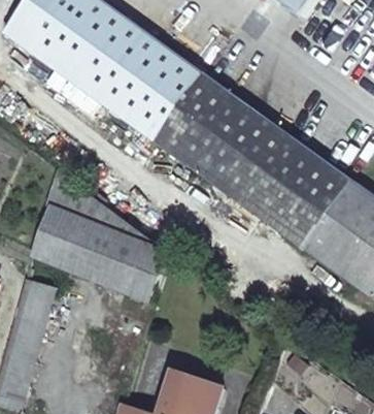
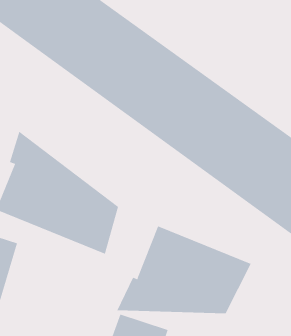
building: none -> [116,225,252,314]

